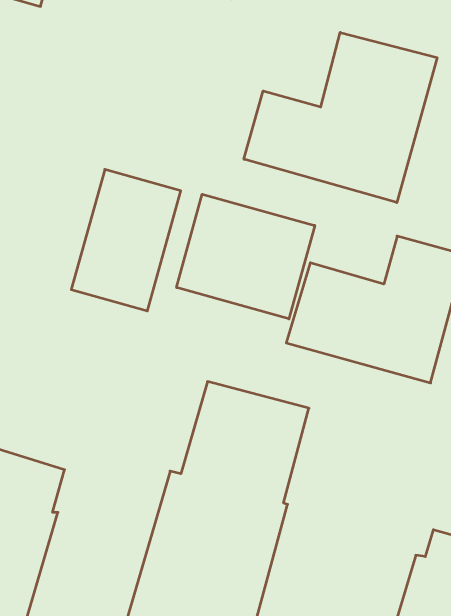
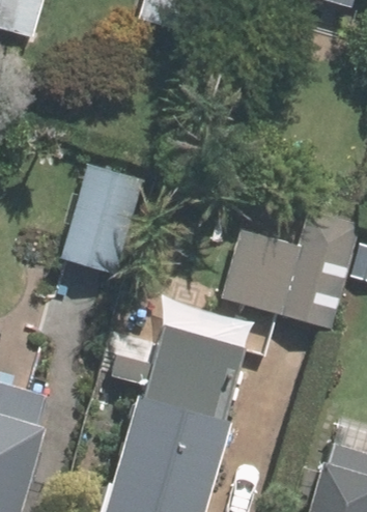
building: [244,32,437,203] -> none
building: [177,194,315,319] -> none

